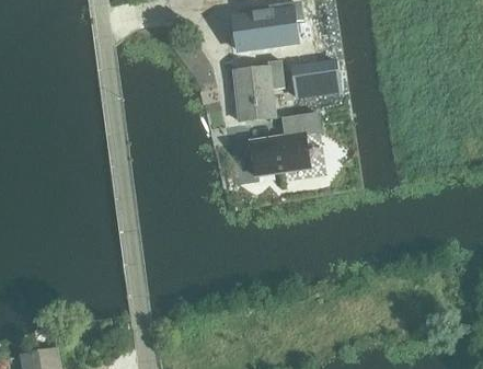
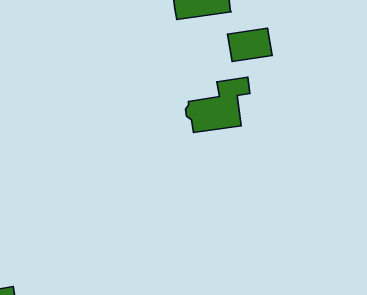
building: [230,56,288,120] -> none

